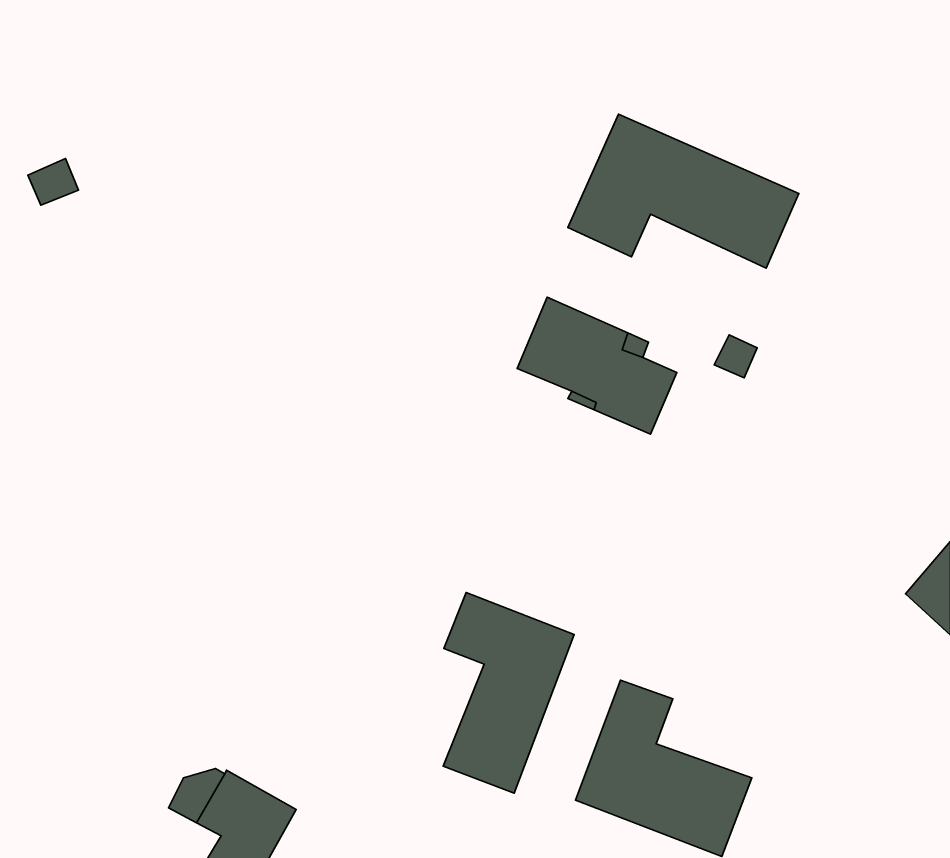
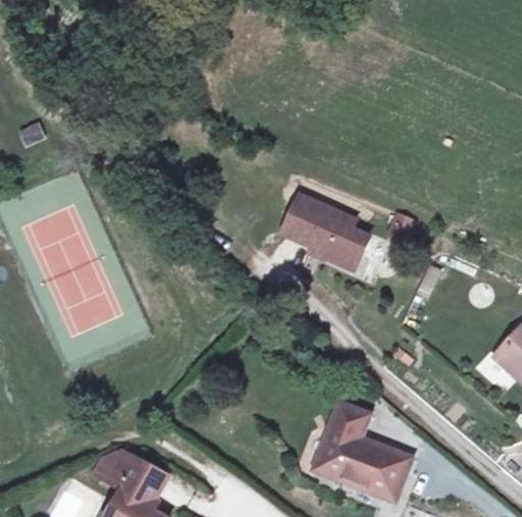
building: [568,114,799,268] -> none
building: [443,593,574,793] -> none

